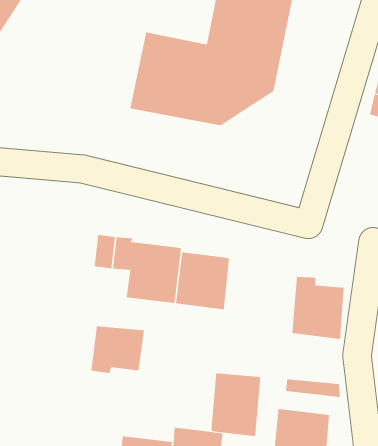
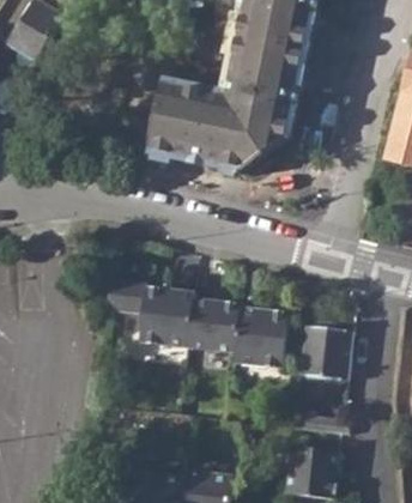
building: none -> [238,303,291,362]
building: [91,325,145,374] -> none
building: [211,372,261,437] -> none

